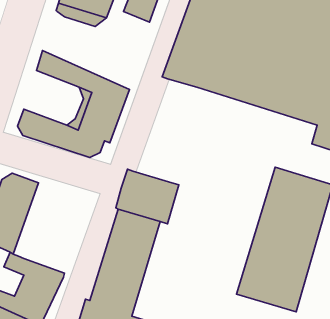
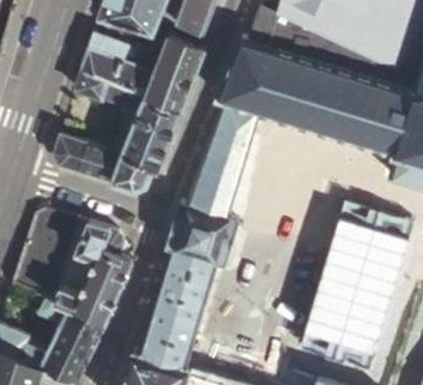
building: none -> [81,35,205,113]
building: none -> [185,101,258,218]
building: none -> [54,223,134,323]

